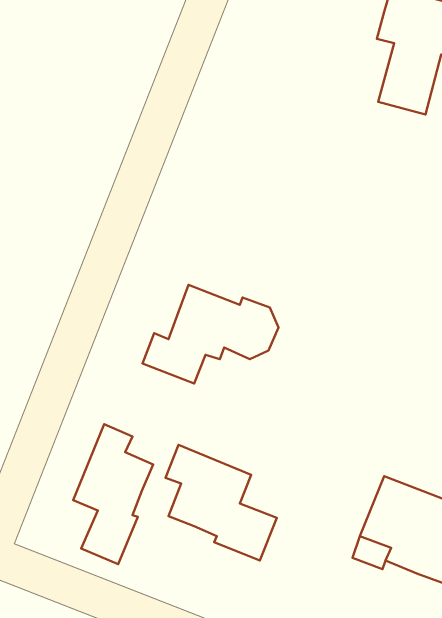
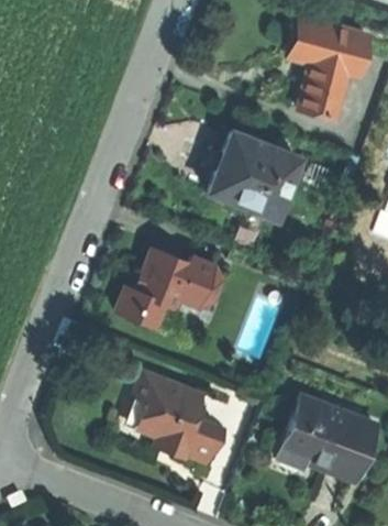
building: none -> [210,132,299,217]
building: [73,424,153,564] -> none

